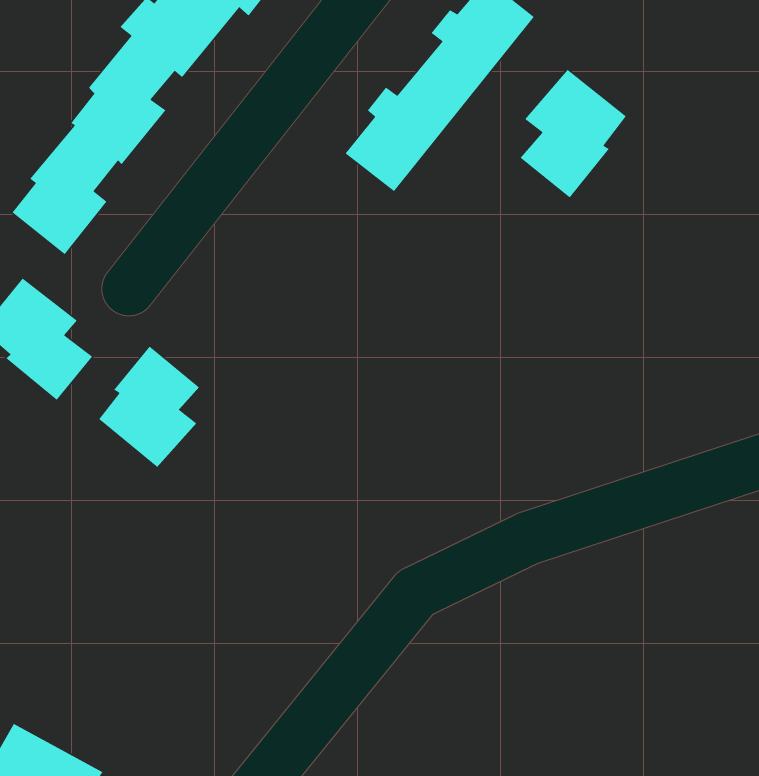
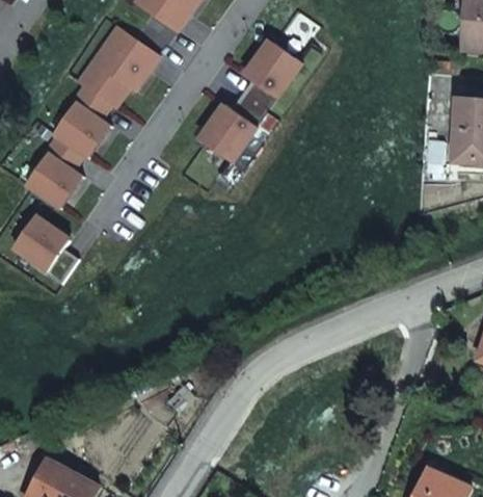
building: [520,69,627,198] -> none
building: [98,346,200,468] -> none

